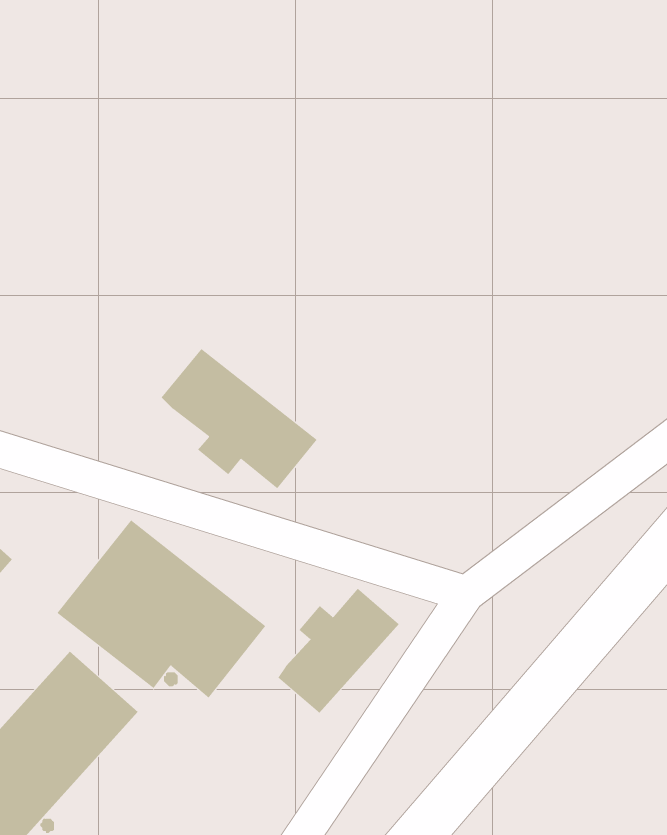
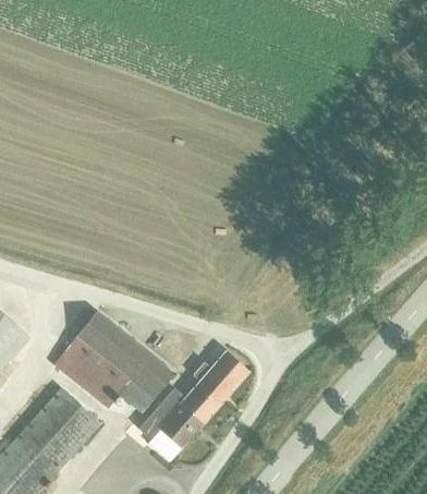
building: [161,348,318,489] -> none
building: none -> [137,386,203,461]

